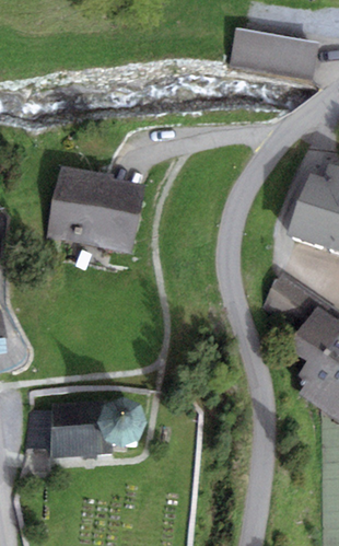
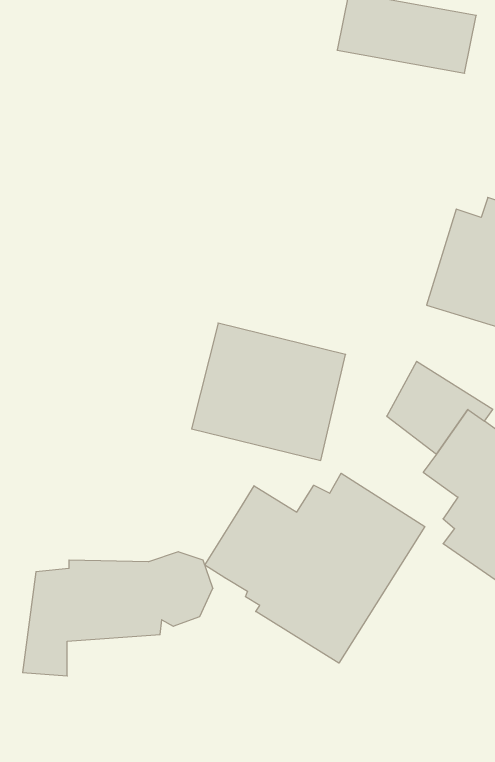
building: [45,164,147,255] -> [192,323,346,460]
building: none -> [205,473,425,663]

